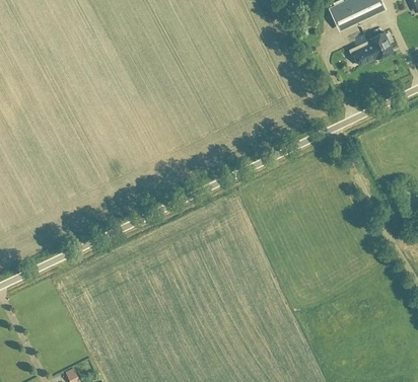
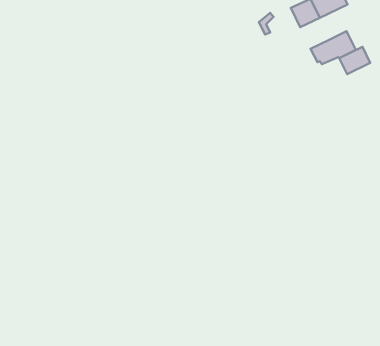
building: none -> [339,47,370,74]

